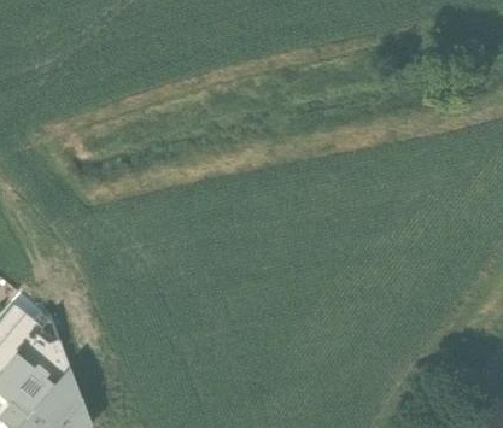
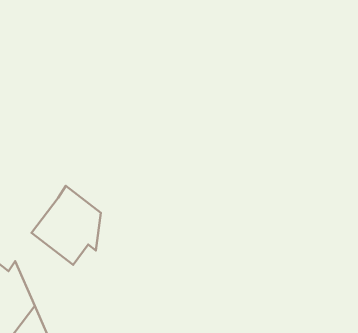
building: none -> [32,186,101,265]

